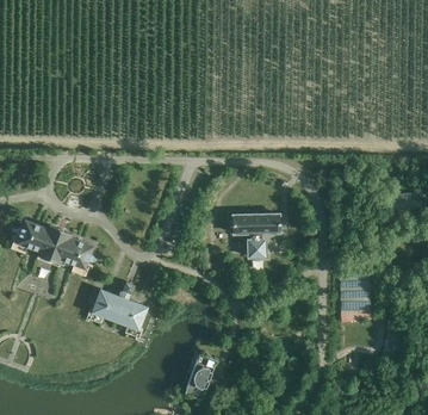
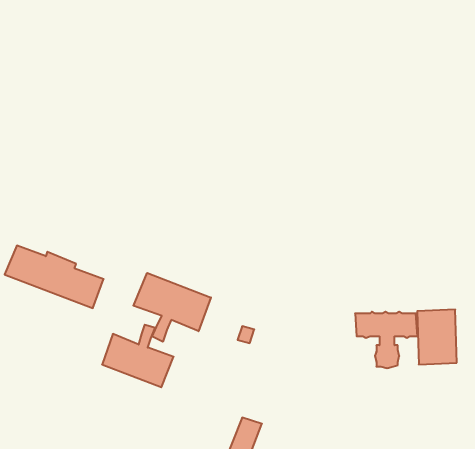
building: [231,215,280,259] -> [355,312,417,368]
building: none -> [133,273,211,342]

